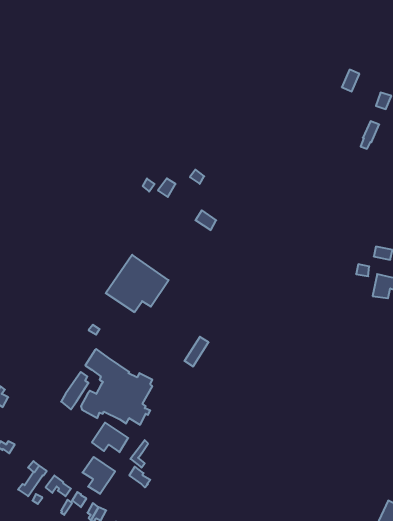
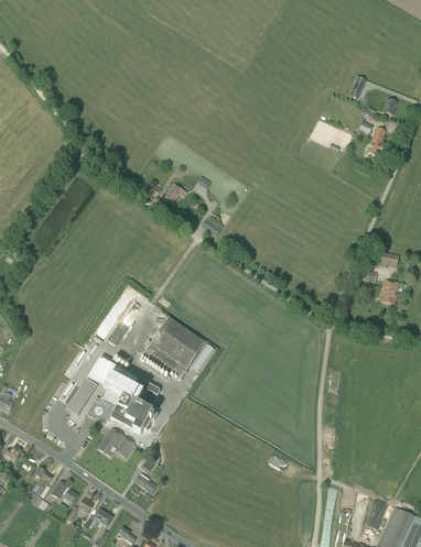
building: [106,255,169,312] -> [141,316,204,373]
building: [82,457,115,494] -> none

